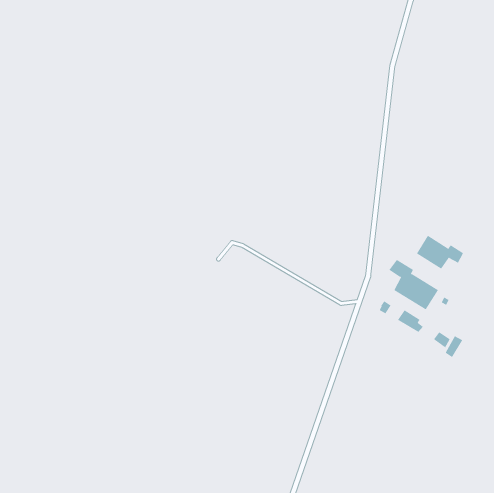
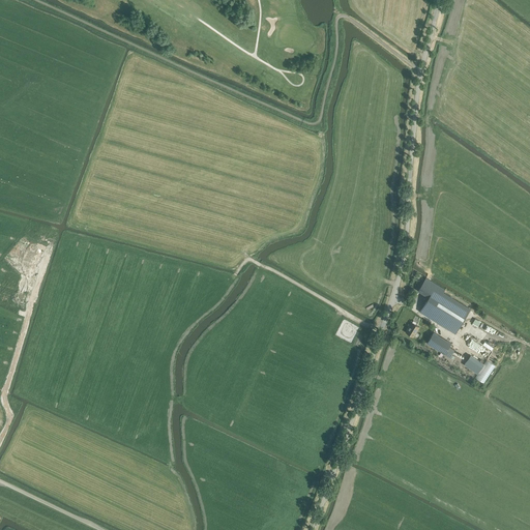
building: [416,235,464,269] -> none

